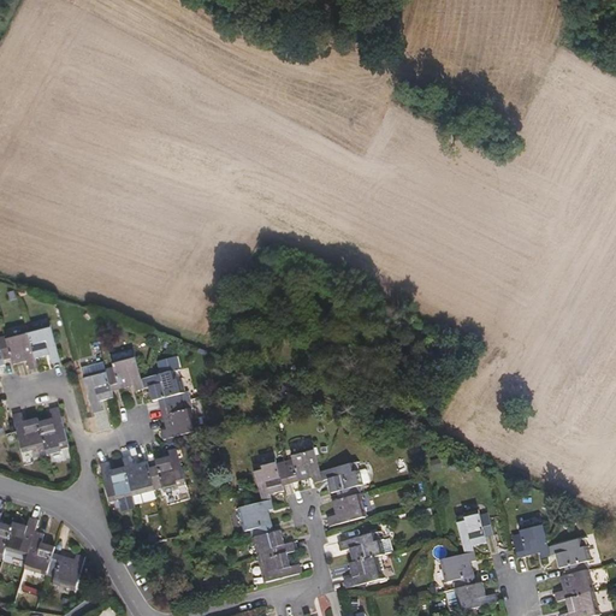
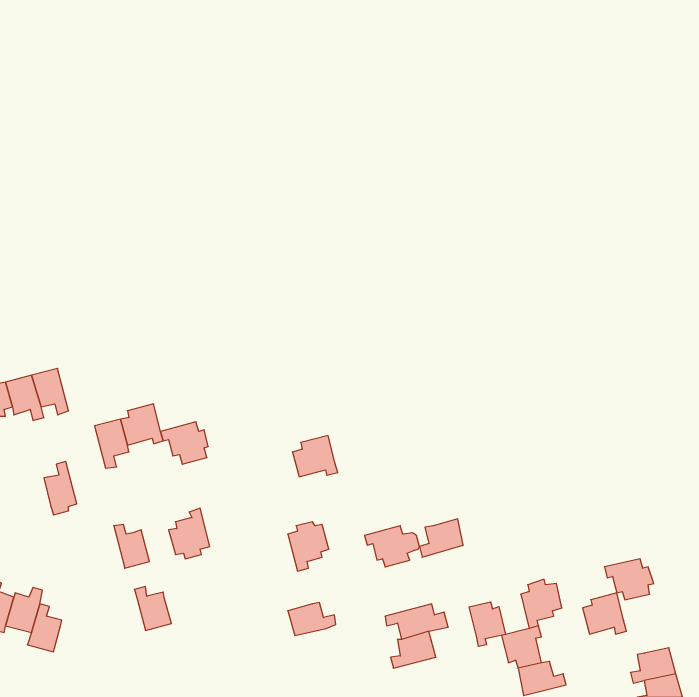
building: [160,402,195,438] -> none
building: [12,411,45,451] -> none
building: [283,446,322,482] -> [292,436,338,477]
building: [122,455,154,493] -> [134,587,171,630]
building: [326,492,365,526] -> [419,519,463,557]
building: [238,499,274,537] -> none
building: none -> [469,602,506,646]
building: [547,538,591,574] -> [604,559,654,600]
building: [47,551,85,586] -> none
building: [259,552,301,581] -> none

